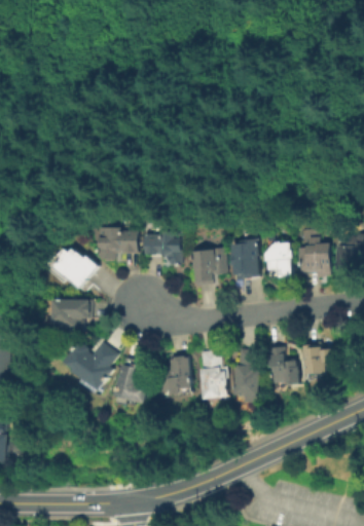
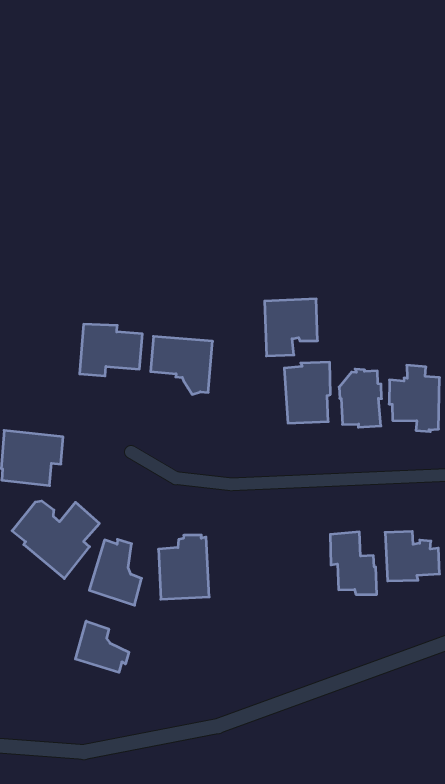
building: [190,247,226,286] -> [265,299,318,356]
building: [53,248,99,289] -> none
building: [234,348,259,403] -> none
building: [198,349,227,400] -> none
building: none -> [75,621,129,672]

